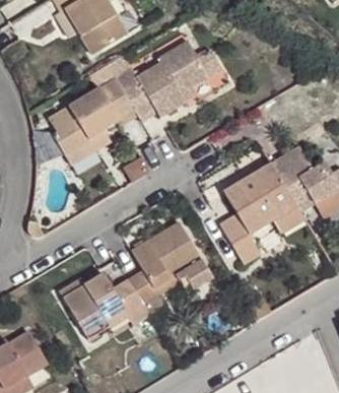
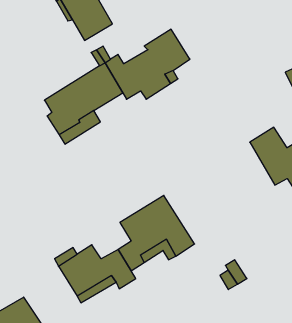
building: [222,162,308,261] -> none

